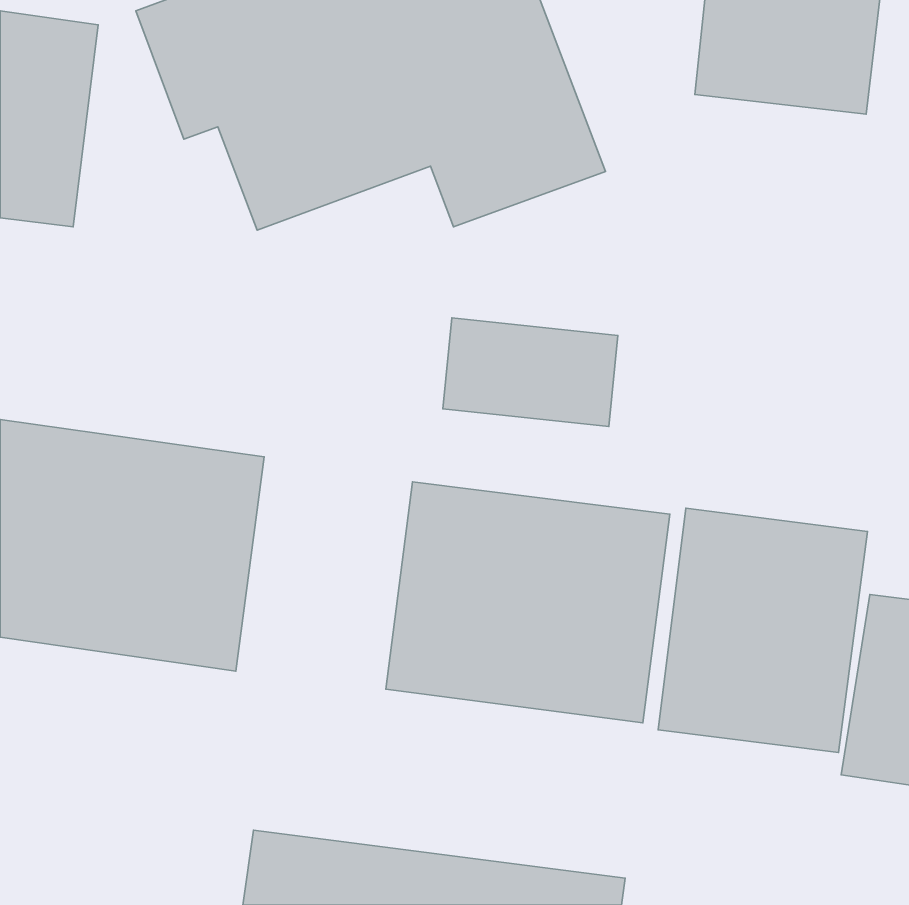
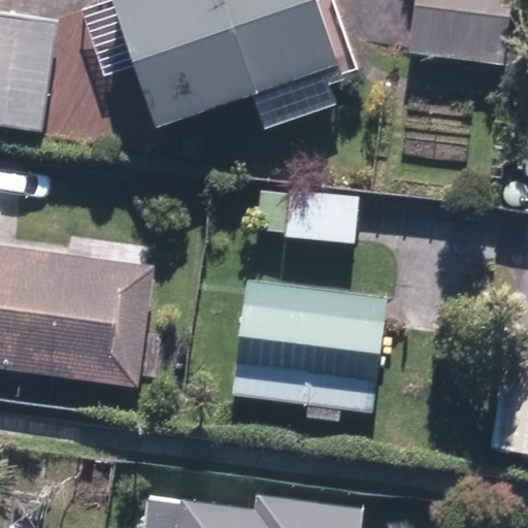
building: [658,508,867,753] -> none

